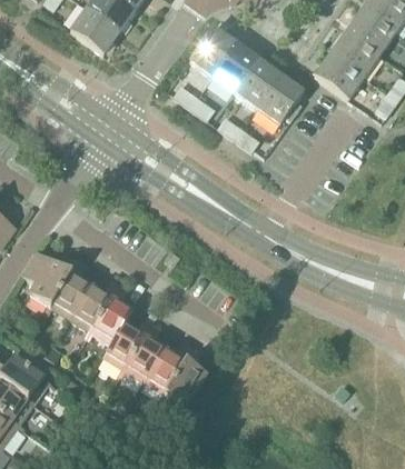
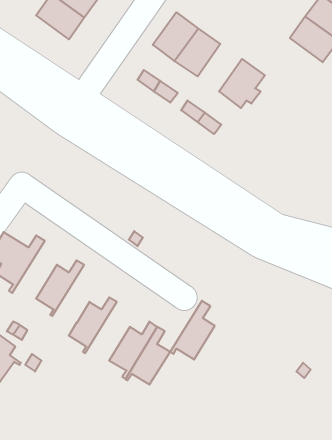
building: [314,52,363,98] -> none
building: [235,58,280,107] -> none
building: [46,259,91,318] -> none
building: [87,283,132,343] -> none
building: [120,321,166,381] -> [170,301,215,360]

